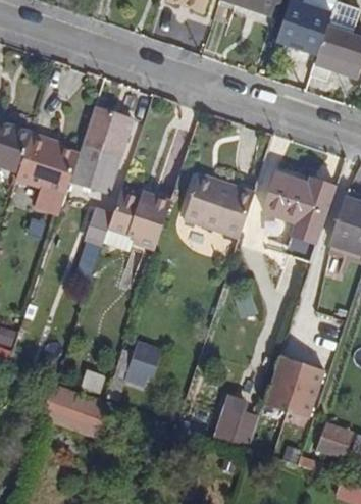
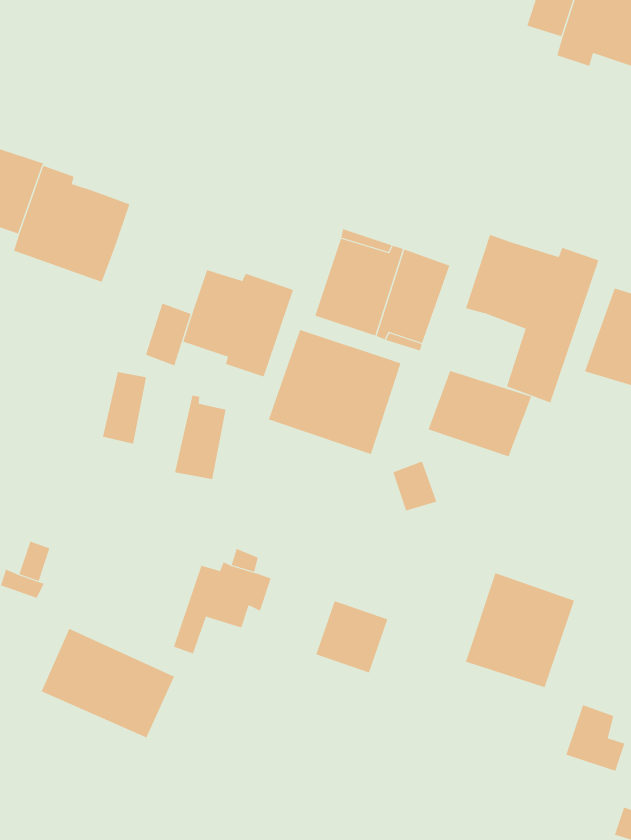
building: [71,105,135,189] -> none
building: none -> [268,329,401,455]
building: none -> [428,370,532,457]
building: none -> [175,395,226,480]
building: [217,407,257,447] -> [315,601,388,673]

